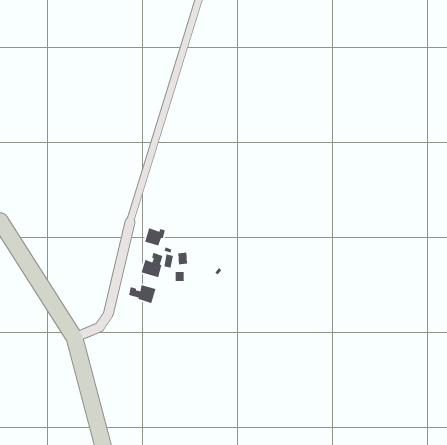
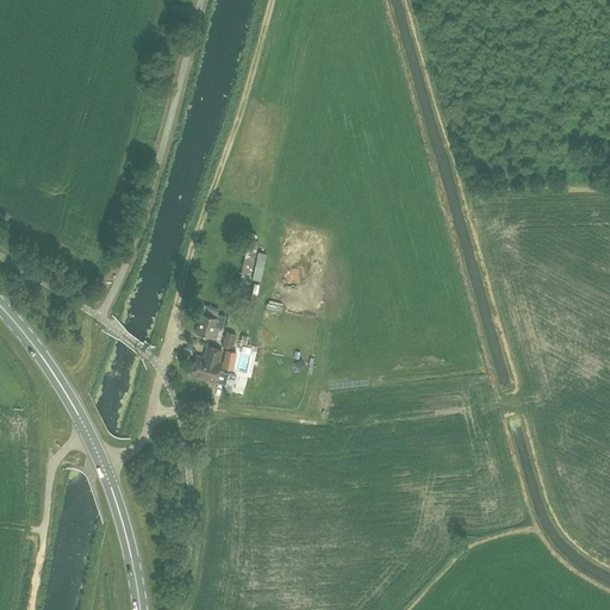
building: [128,284,156,304] -> none

